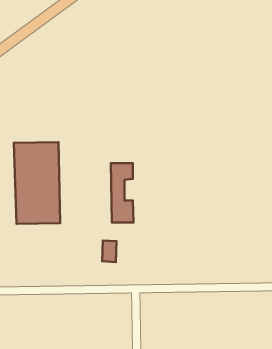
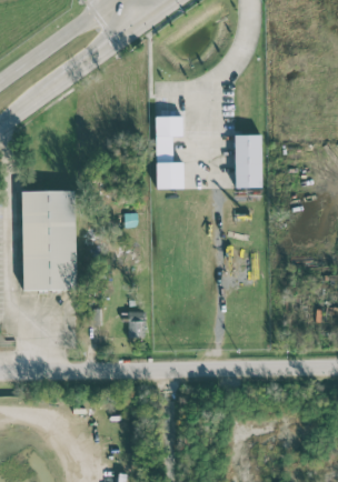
building: none -> [235,134,261,188]
building: [111,163,134,222] -> [156,117,183,189]

